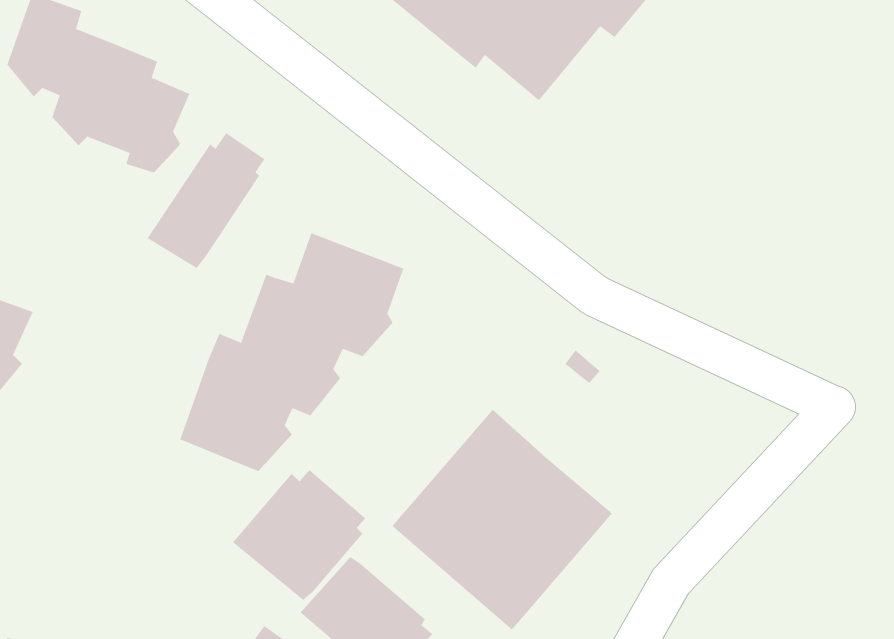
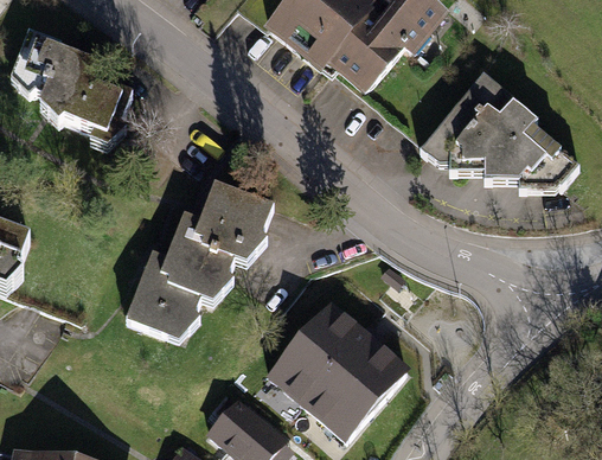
building: none -> [420,70,579,189]
building: [147,132,265,269] -> none
building: [232,469,366,601] -> none

